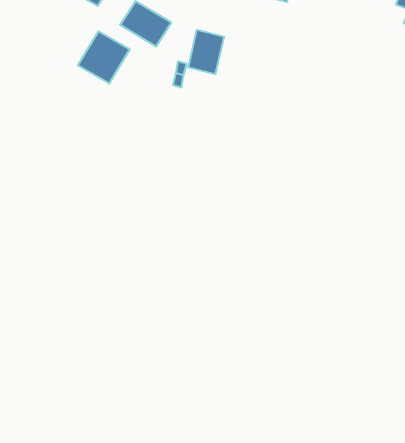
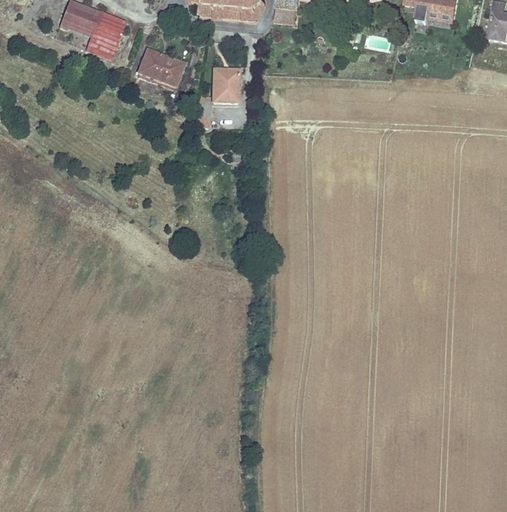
building: [78,31,130,84] -> none

